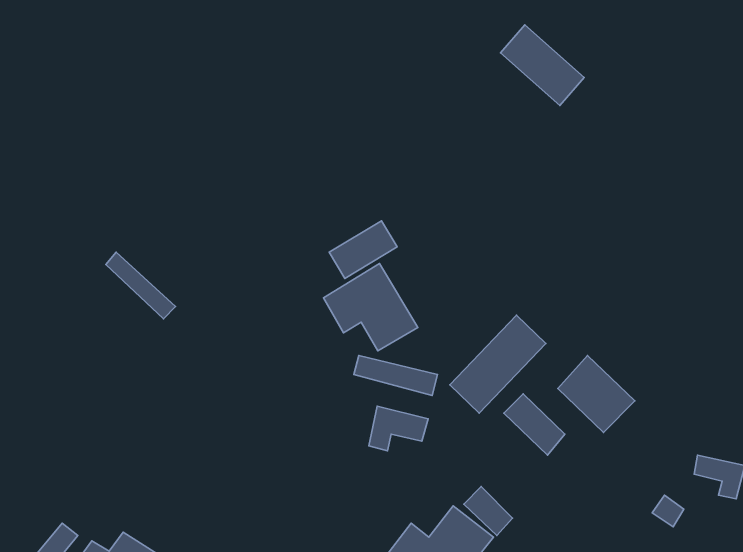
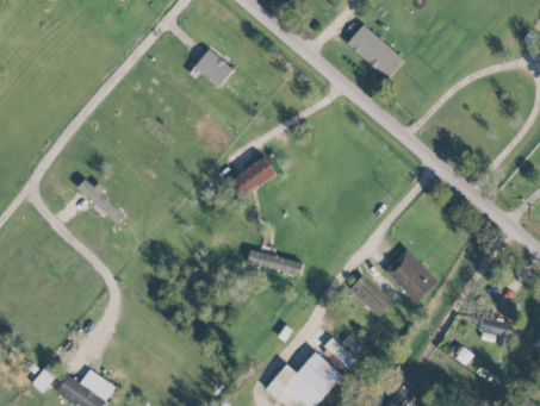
building: none -> [194,49,234,86]
building: [323,263,418,351] -> none
building: [450,315,546,413] -> none
building: [369,406,428,451] -> none

